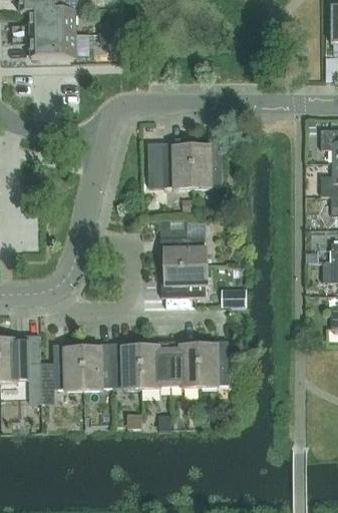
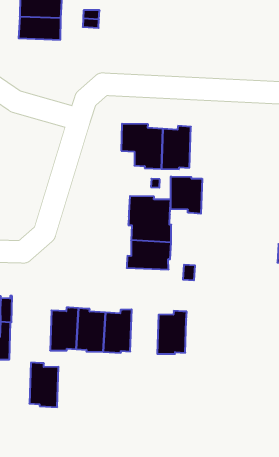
building: none -> [171,176,202,214]
building: [170,341,200,387] -> none
building: [53,344,84,390] -> [29,363,59,407]

